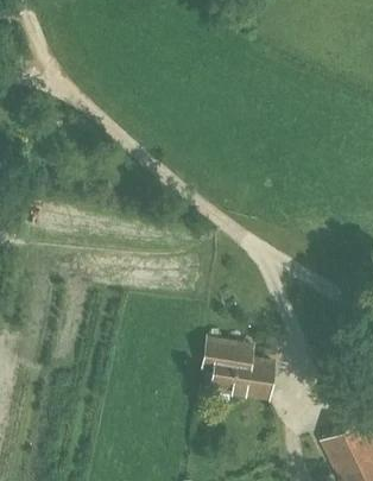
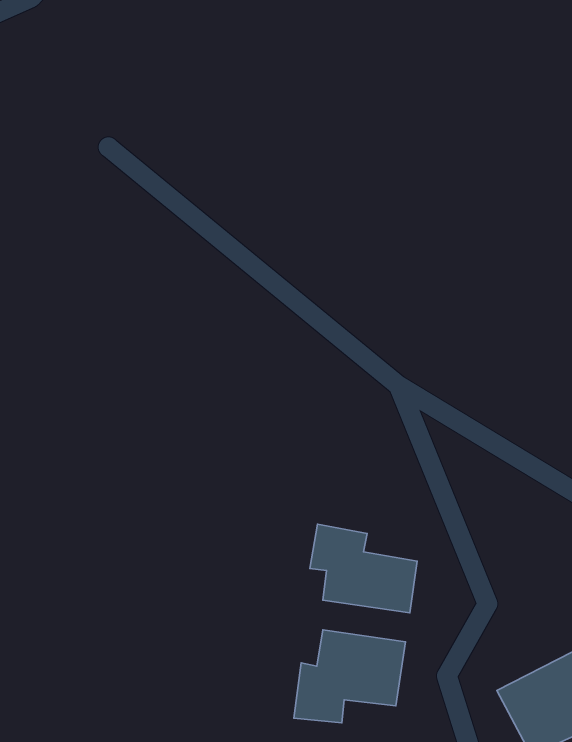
building: none -> [294,630,405,723]

